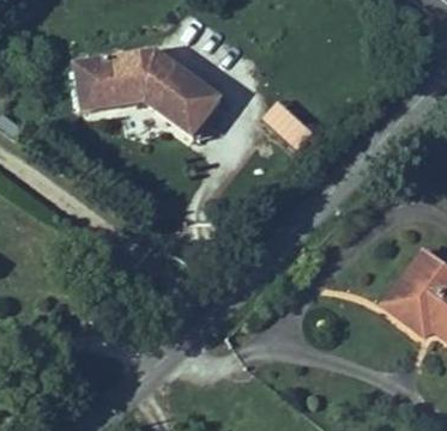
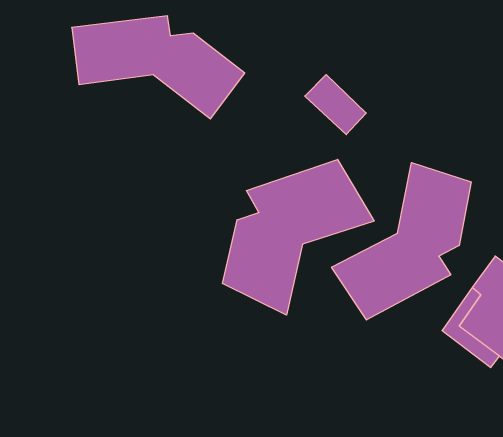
building: none -> [223,159,374,315]
building: none -> [332,163,471,320]

